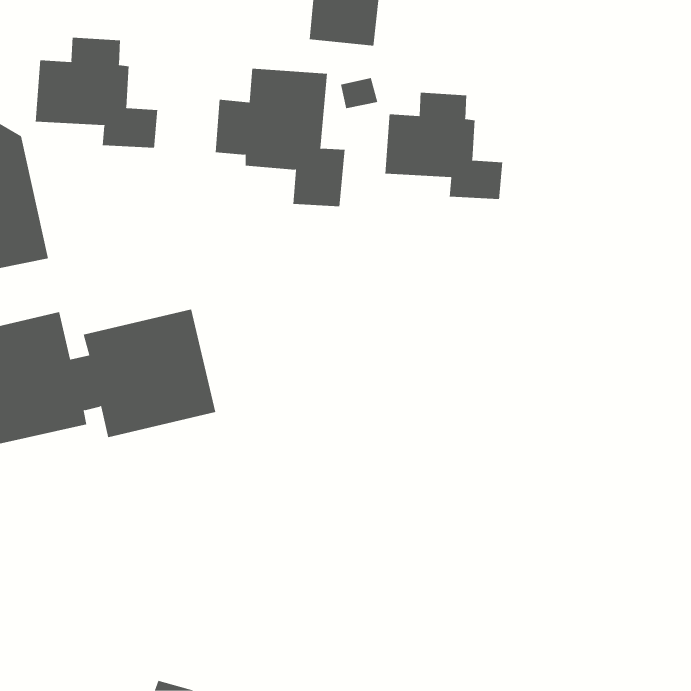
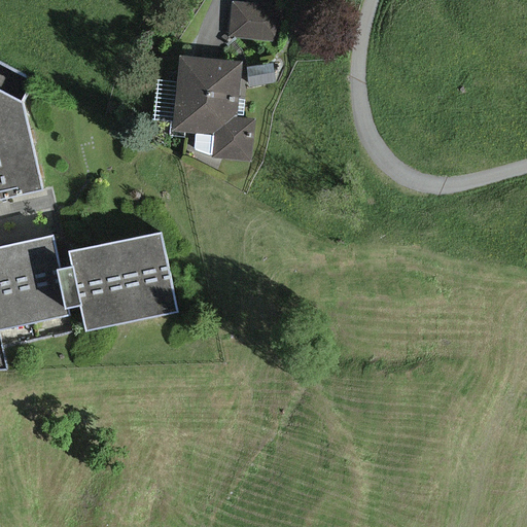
building: [35,37,158,149] -> none
building: [385,92,503,200] -> none

